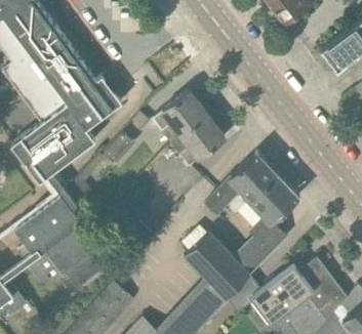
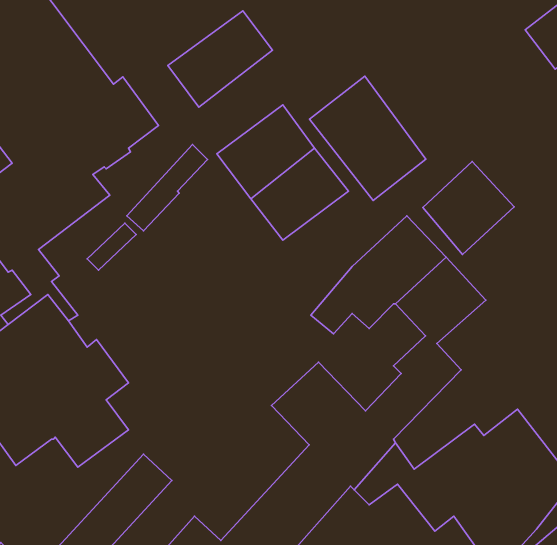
building: none -> [168,11,273,107]
building: none -> [310,76,426,201]
building: none -> [423,162,514,255]

